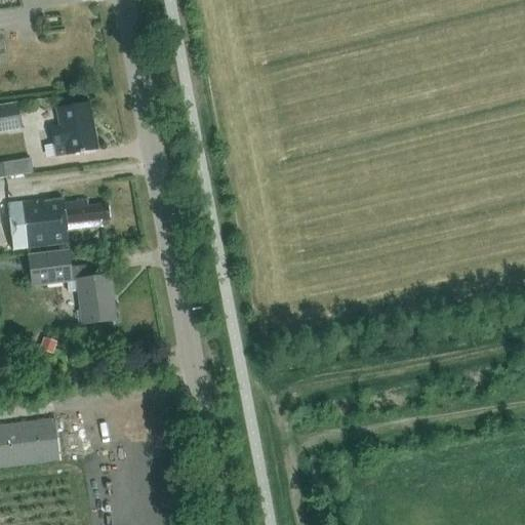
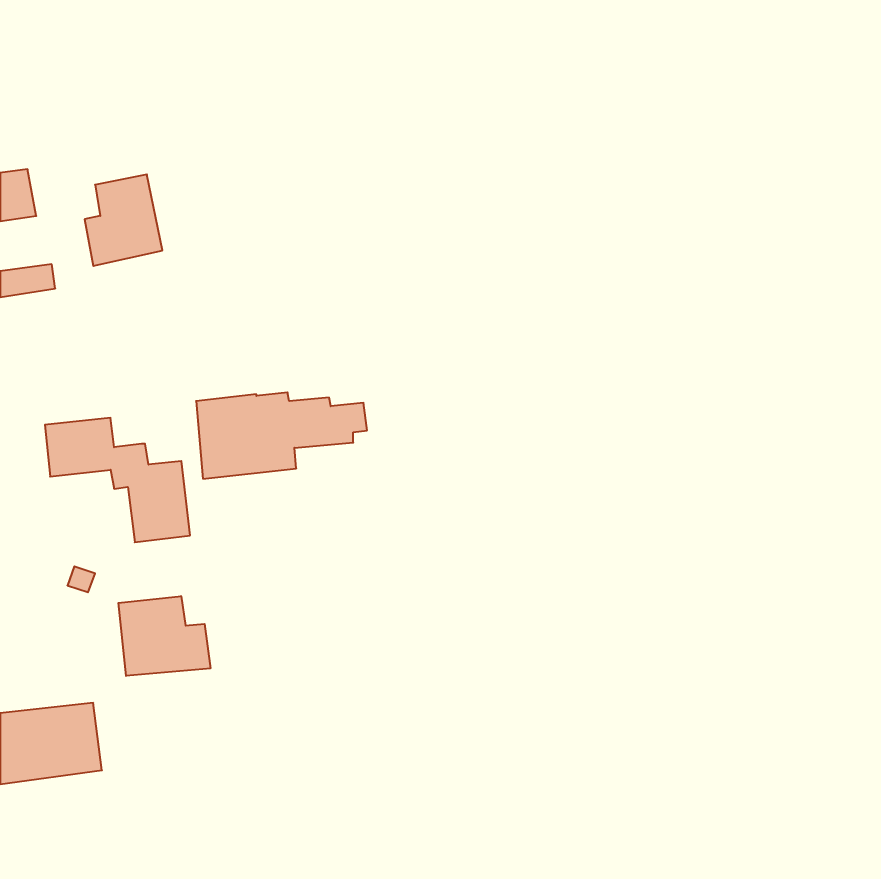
building: [6,197,108,248] -> [196,392,367,479]
building: none -> [118,596,210,676]

